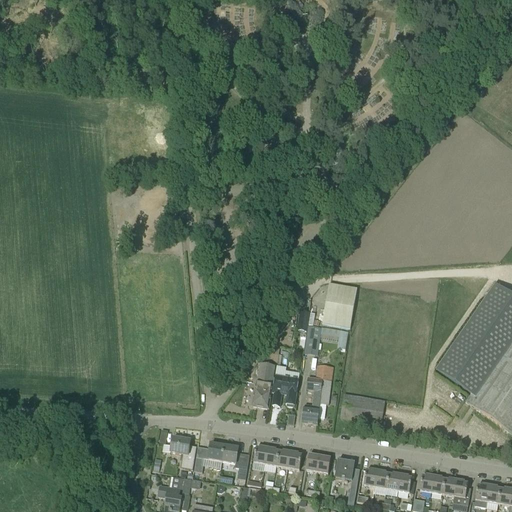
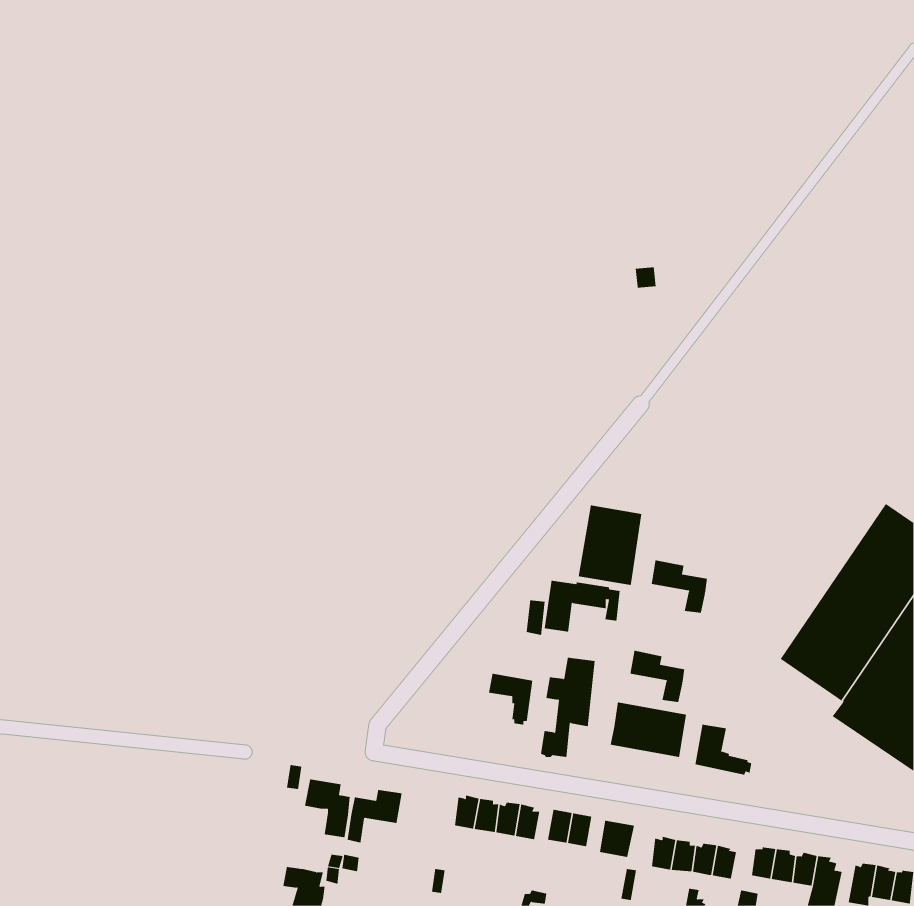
building: none -> [651,560,707,613]
building: [253,360,275,406] -> none
building: none -> [630,650,685,703]
building: none -> [695,724,752,775]
building: [222,443,249,478] -> none

